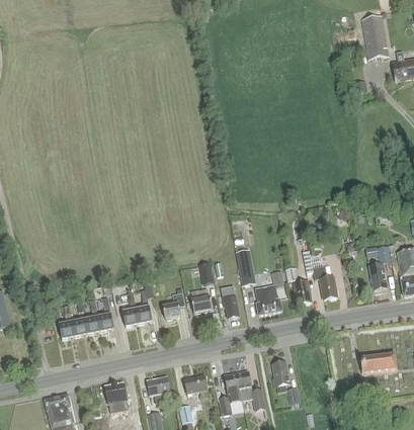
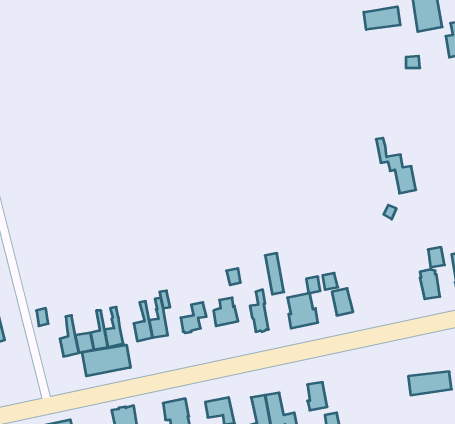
building: none -> [364,7,400,30]
building: [303,251,337,298] -> [376,138,416,193]
building: none -> [82,345,130,376]

